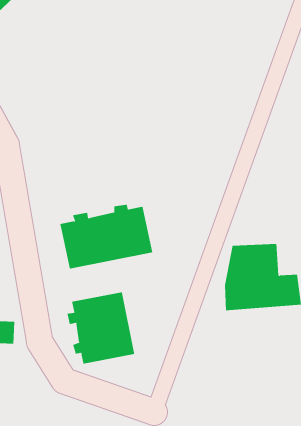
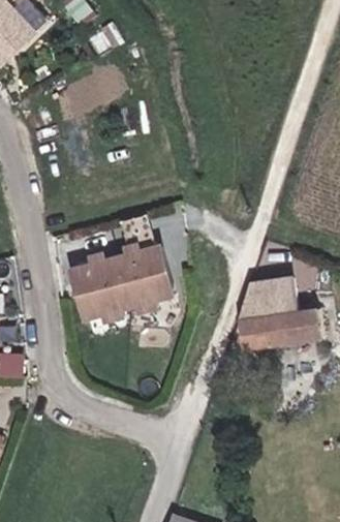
building: [67,292,135,365] -> none

